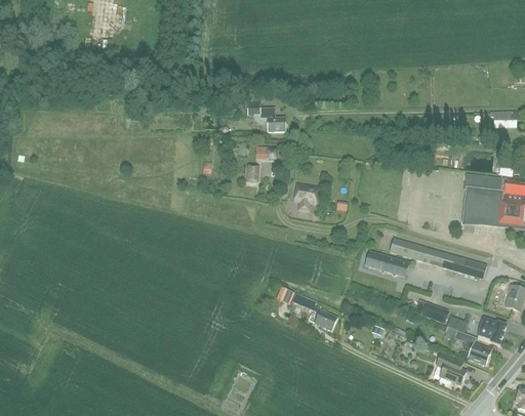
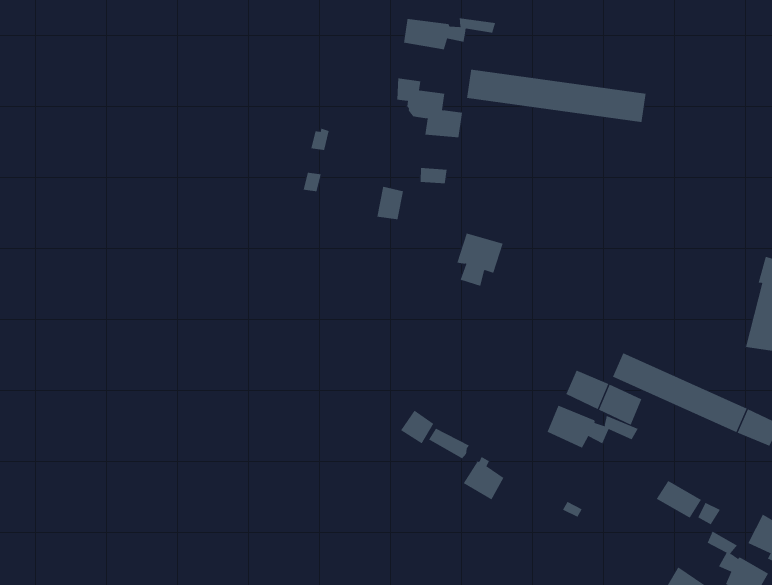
building: none -> [404,17,496,50]
building: none -> [467,69,646,123]
building: none -> [547,405,639,448]

